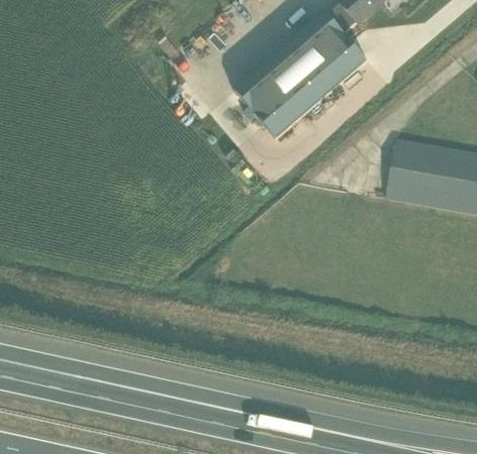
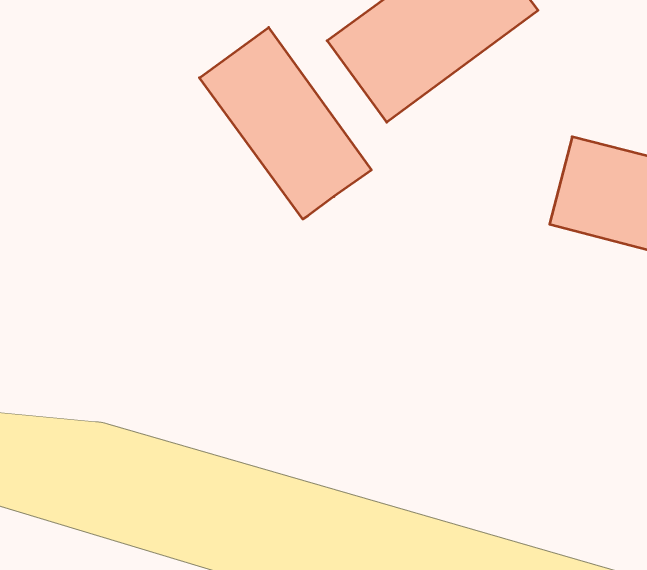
building: none -> [199,27,371,219]

